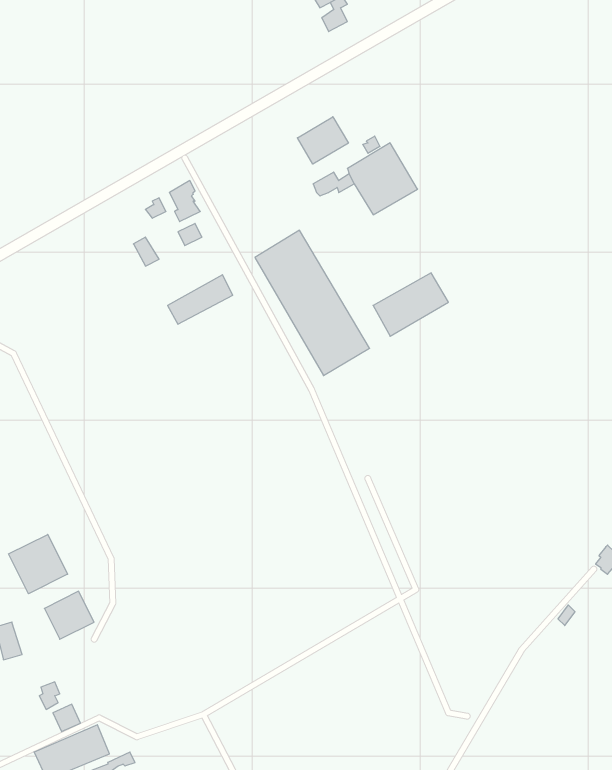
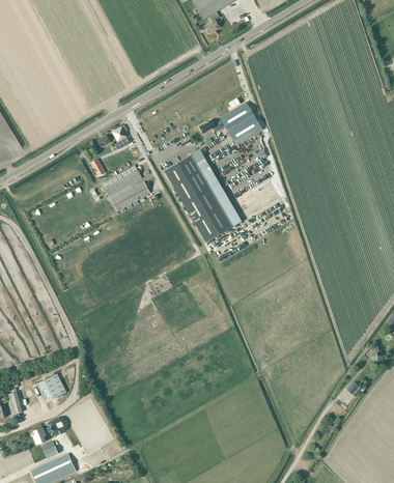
building: [297,117,348,164] -> none
building: none -> [103,164,143,195]
building: [9,534,68,594] -> none

